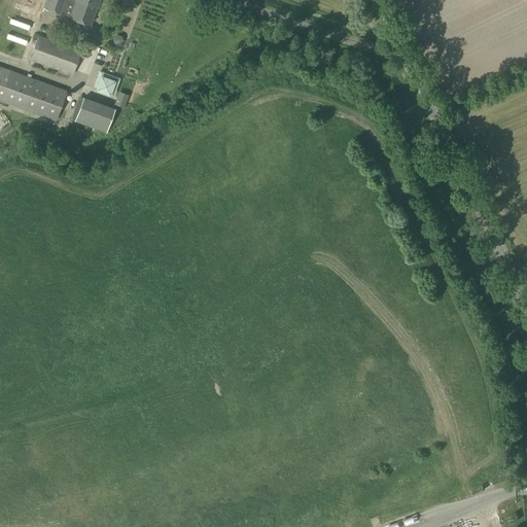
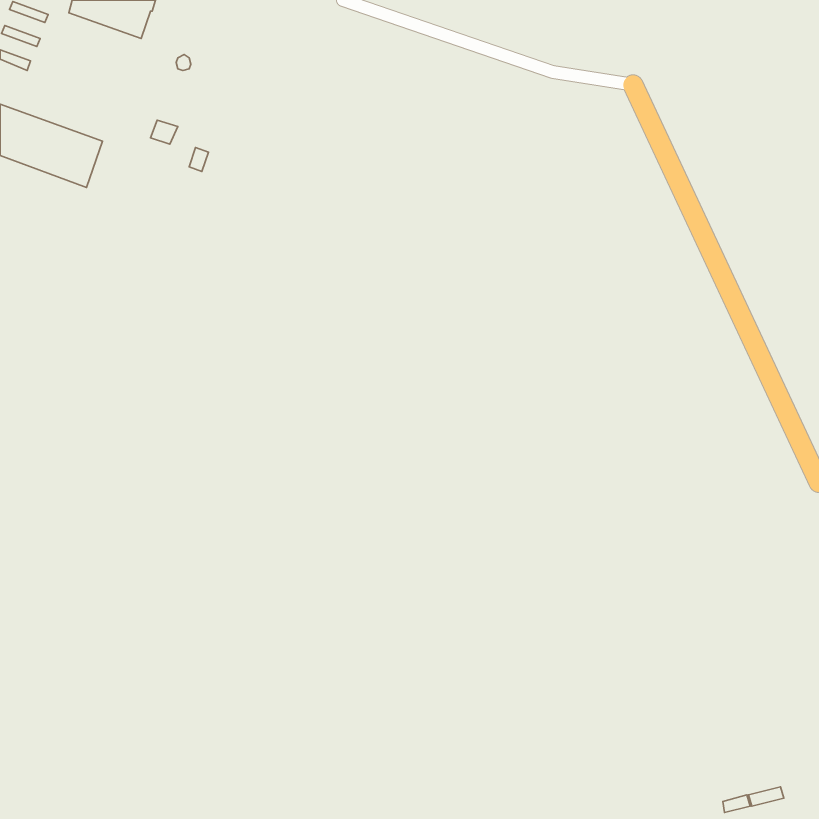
building: [30,36,80,75] -> none
building: [75,98,114,132] -> none

